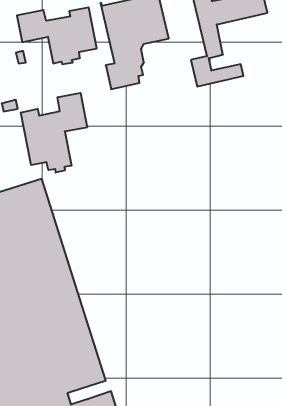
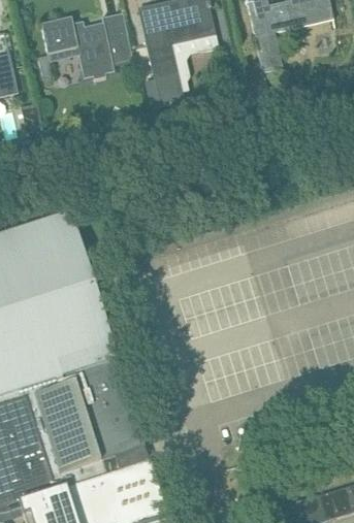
building: [21,93,87,173] -> none

